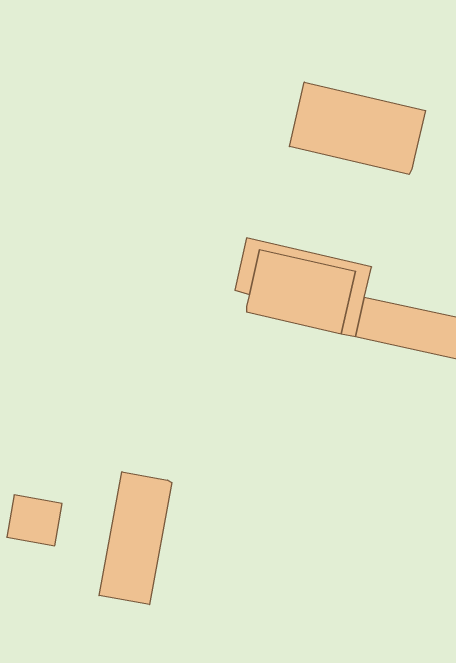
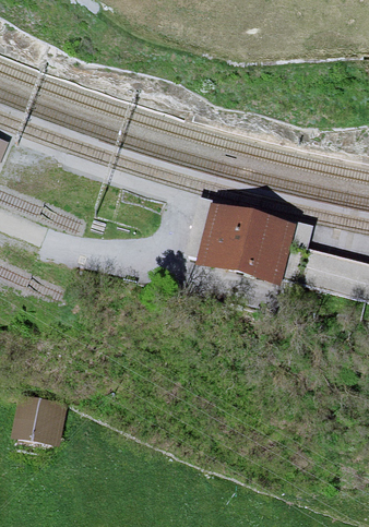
building: [289,82,426,174] -> none
building: [99,472,172,605] -> none

